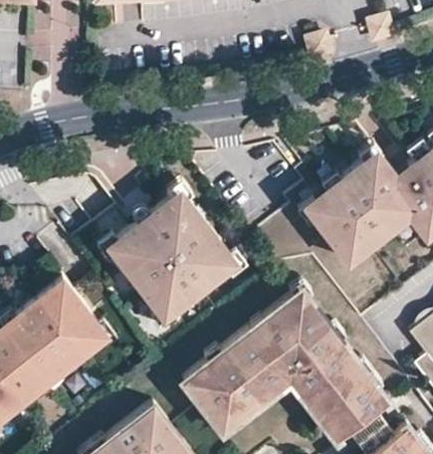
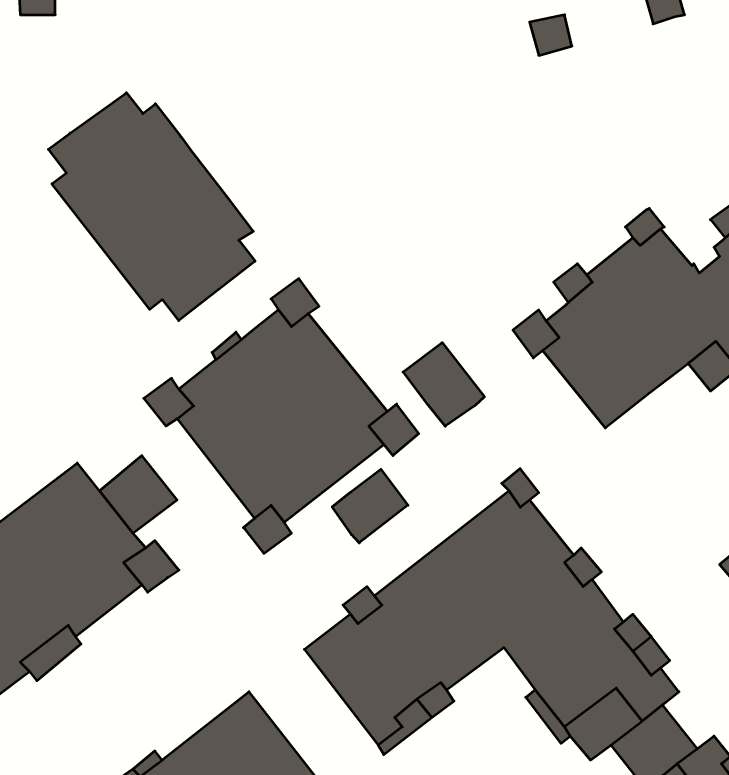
building: none -> [48,93,255,321]
building: none -> [403,343,484,426]
building: none -> [332,469,408,543]

